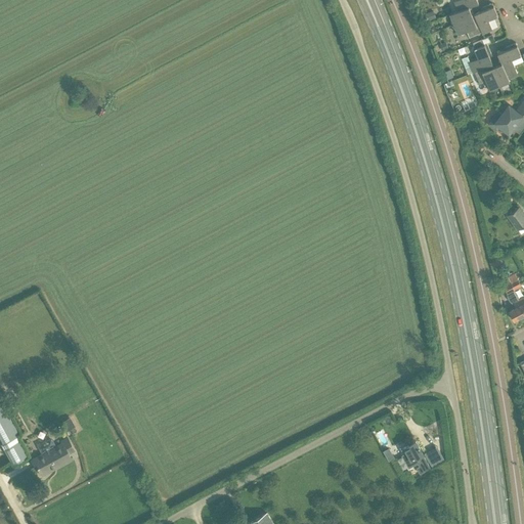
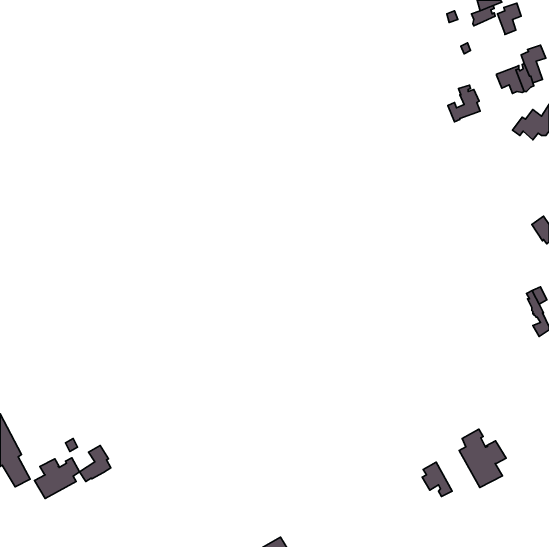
building: [451,12,481,39] -> none
building: [462,41,492,76] -> [448,85,480,122]
building: none -> [459,429,506,488]
building: none -> [80,446,111,482]

